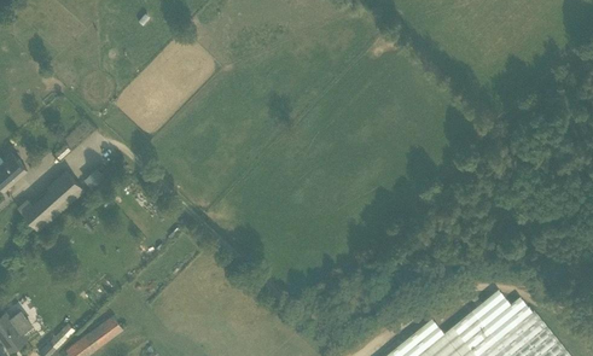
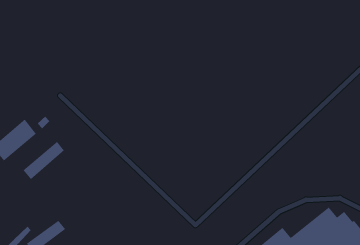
building: none -> [23,141,65,180]

